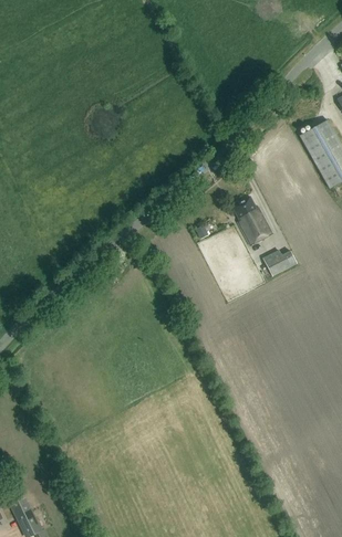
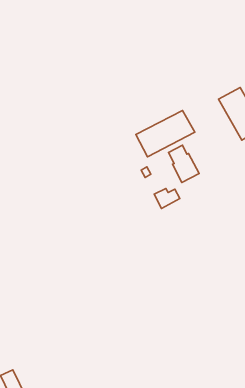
building: none -> [136,110,195,157]
building: [263,250,298,276] -> [154,188,180,208]

